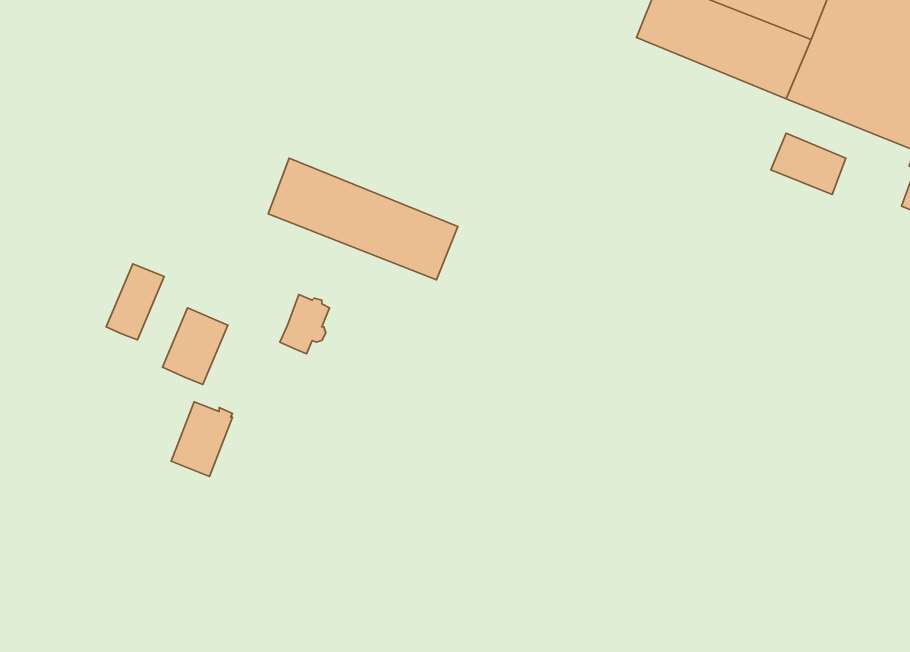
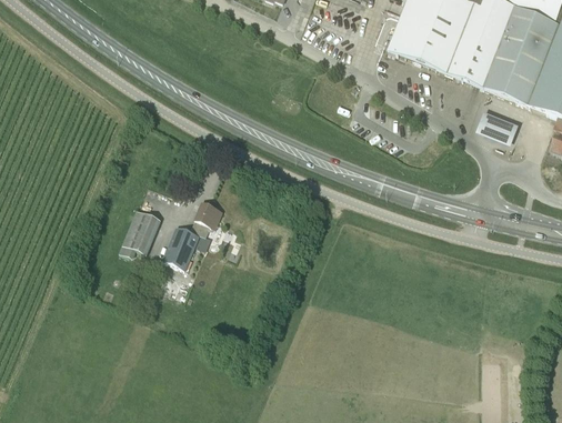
building: [268,158,458,280] -> none
building: [106,264,164,340] -> none
building: [171,402,233,477] -> [162,225,198,269]

